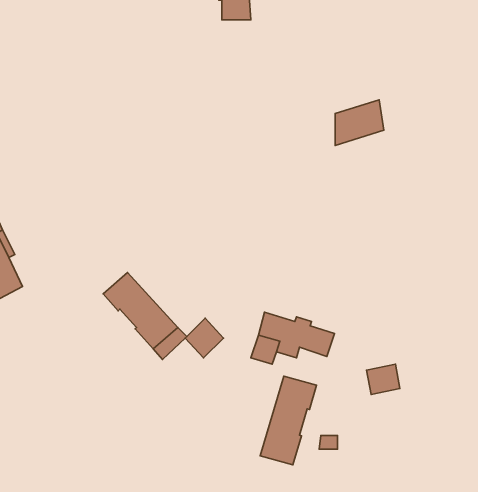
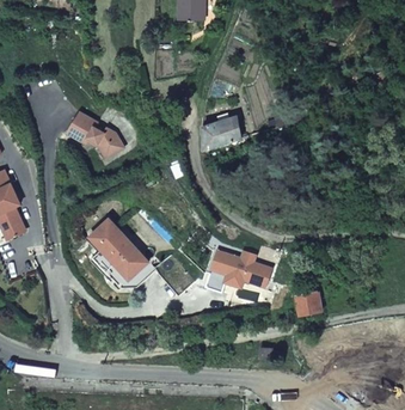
building: [335,100,384,146] -> [203,115,241,151]
building: none -> [65,111,122,157]
building: [260,376,317,465] -> none

